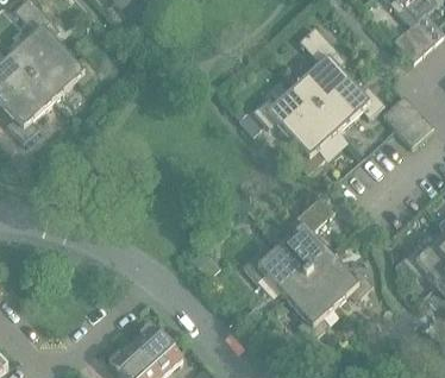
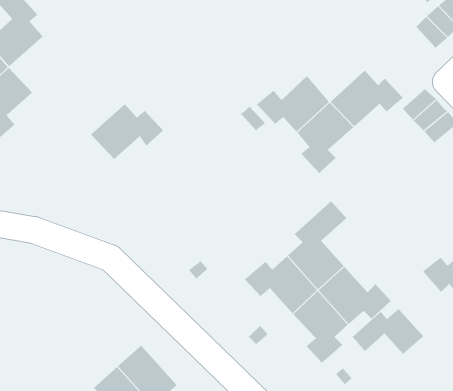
building: [297,29,349,108] -> none
building: [32,50,98,100] -> [90,104,164,160]
building: none -> [352,308,424,355]

